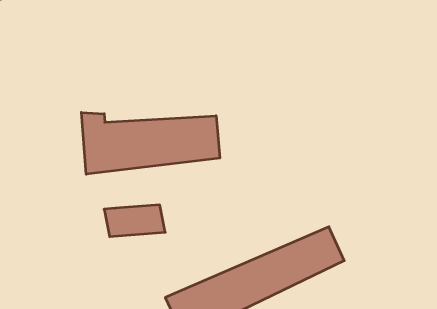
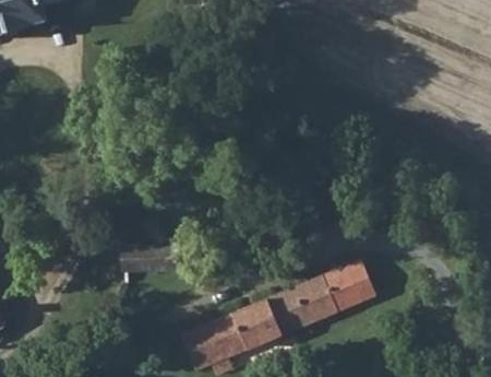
building: [81,112,220,174] -> none

